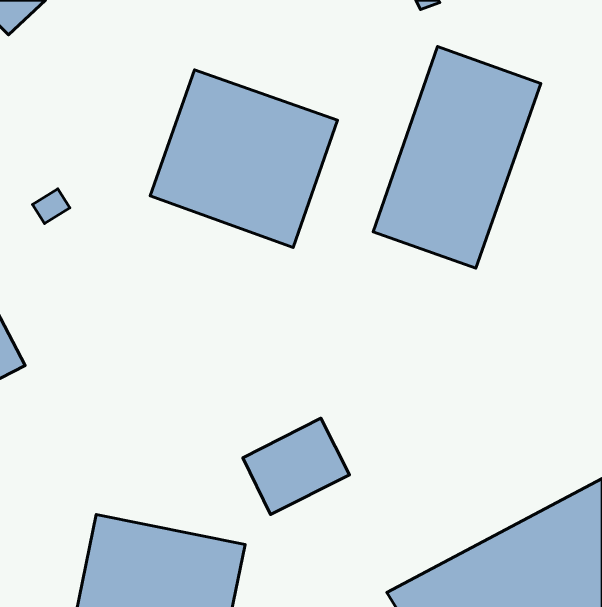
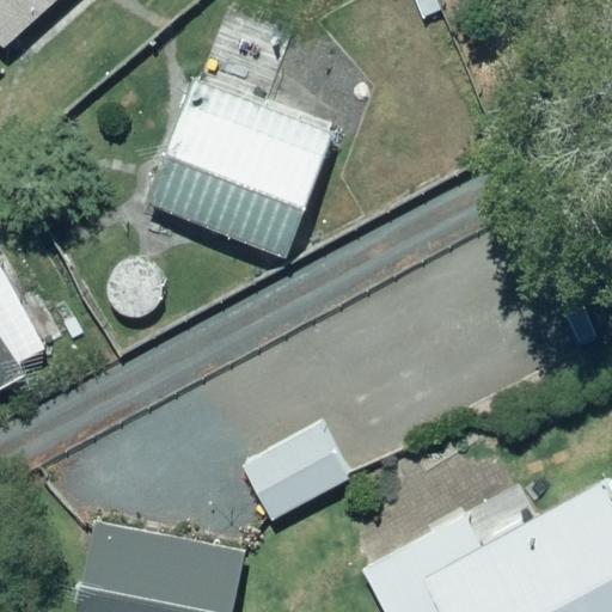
building: [373,46,541,268] -> none

